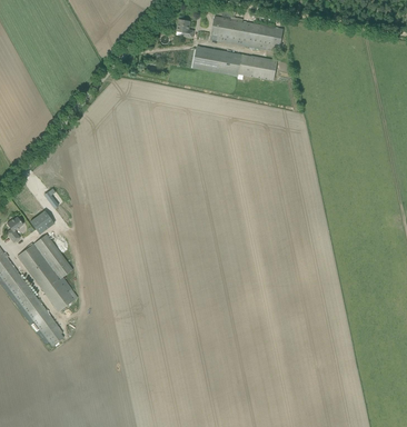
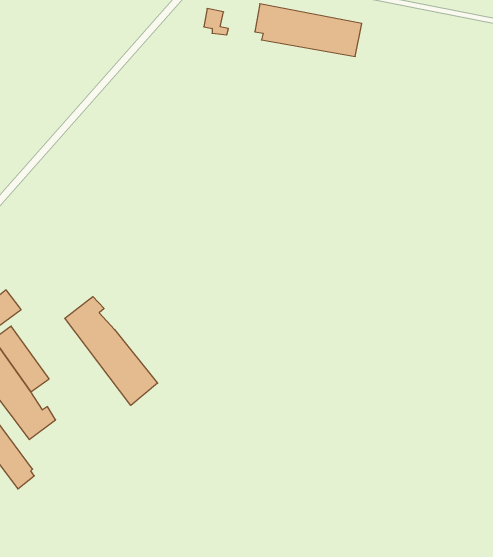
building: [192,44,277,79] -> none
building: none -> [65,297,158,405]

